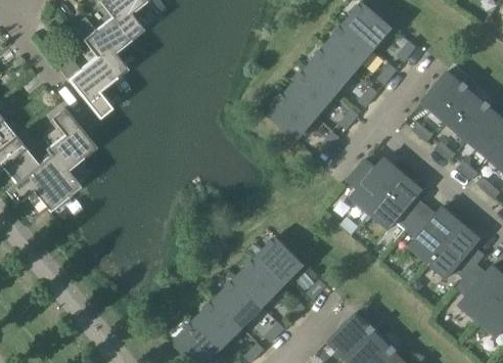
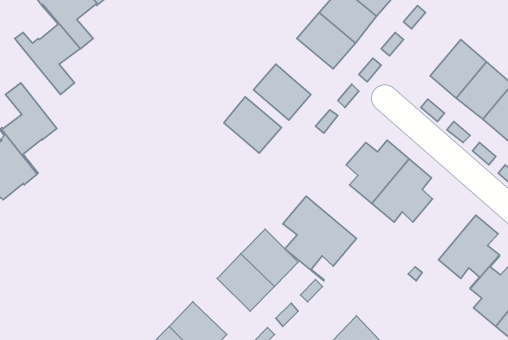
building: [286,69,336,118] -> [224,97,281,153]
building: none -> [283,196,357,281]
building: [406,207,461,262] -> none
building: [214,278,264,327] -> none

